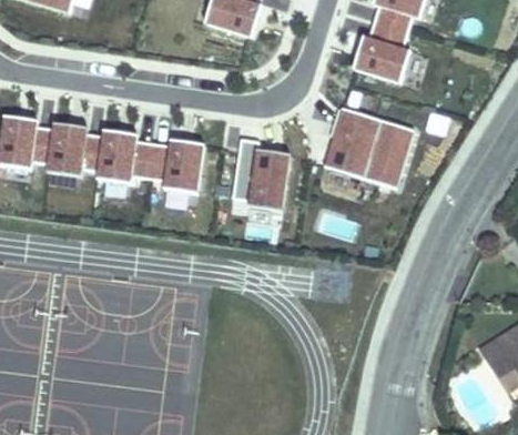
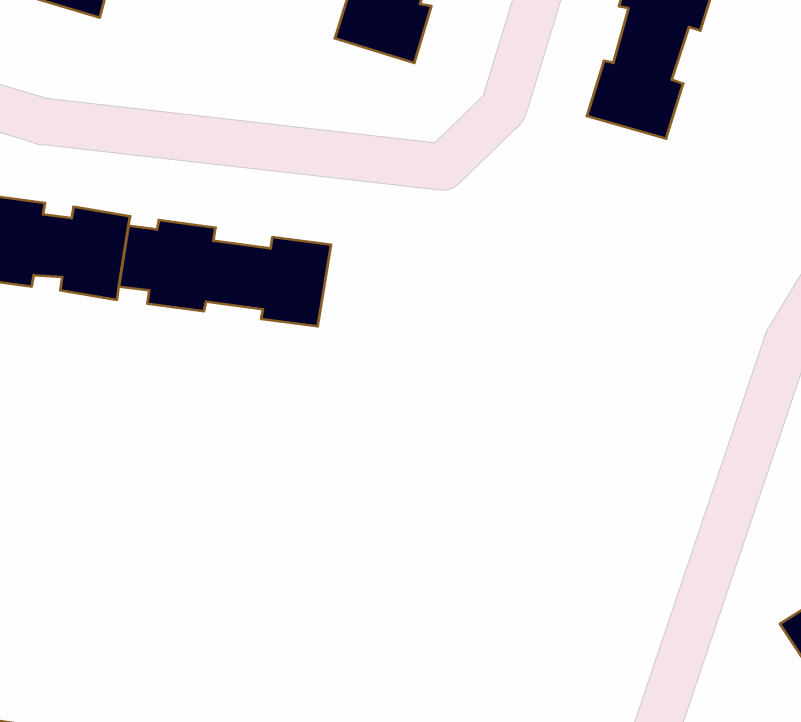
building: [324,103,414,184] -> none
building: [231,139,290,211] -> none

